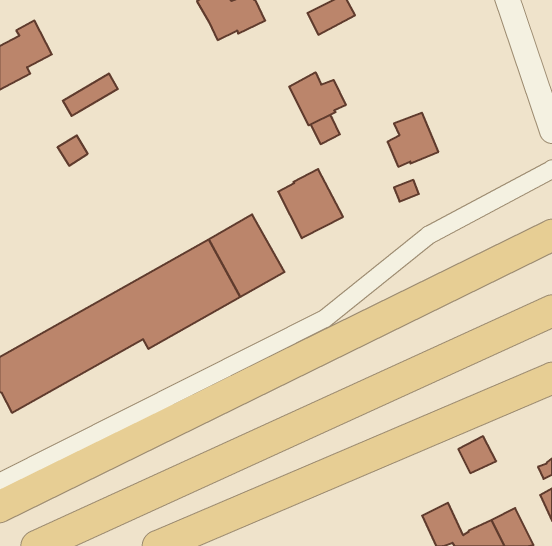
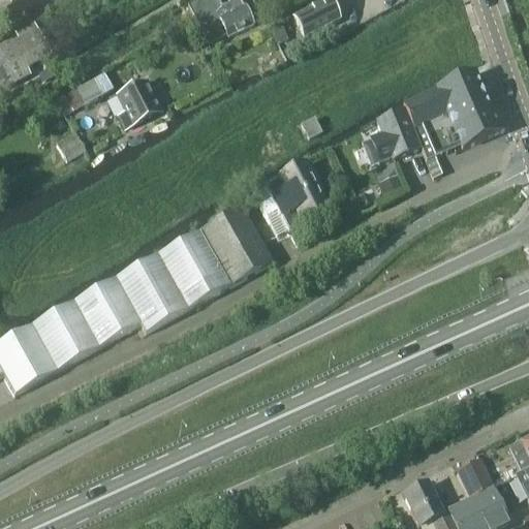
building: [289,72,346,125] -> none
building: none -> [402,69,504,174]
building: none -> [118,77,160,125]
building: [458,436,496,473] -> [455,456,491,491]

